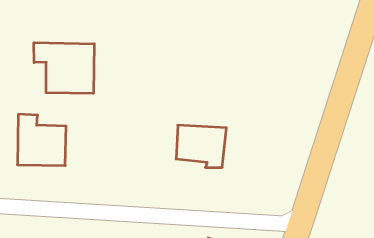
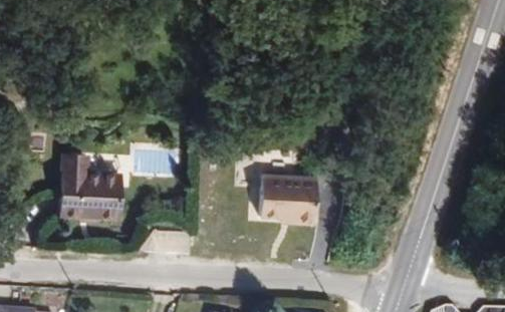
building: [34,43,94,93] -> none

